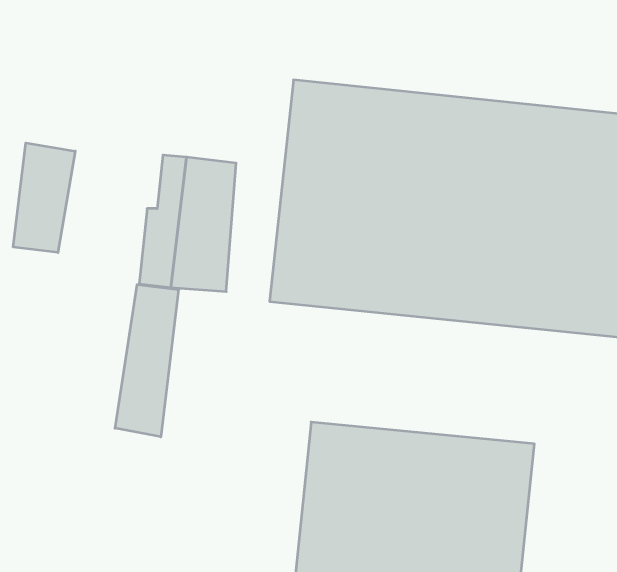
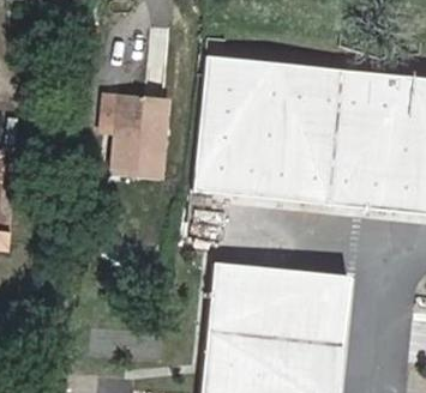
building: [13,143,75,253] -> none
building: [115,285,178,437] -> none

